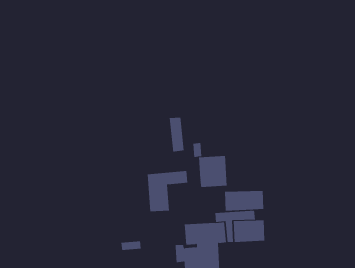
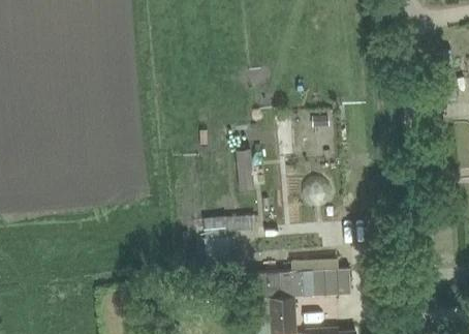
building: [198,155,227,188] -> none
building: [224,190,264,211] -> none

